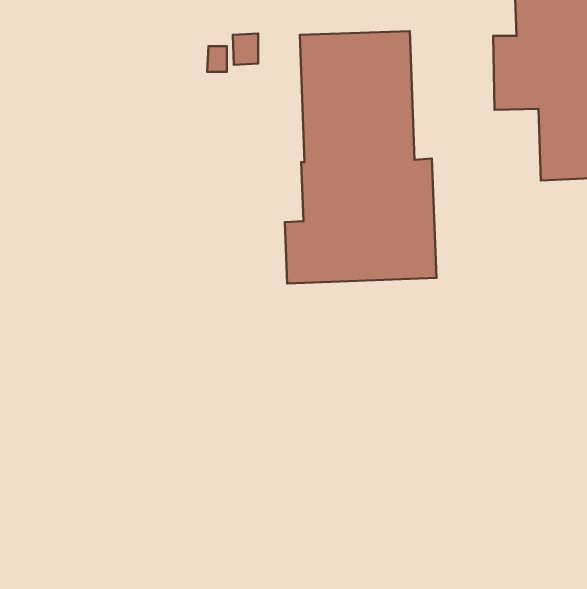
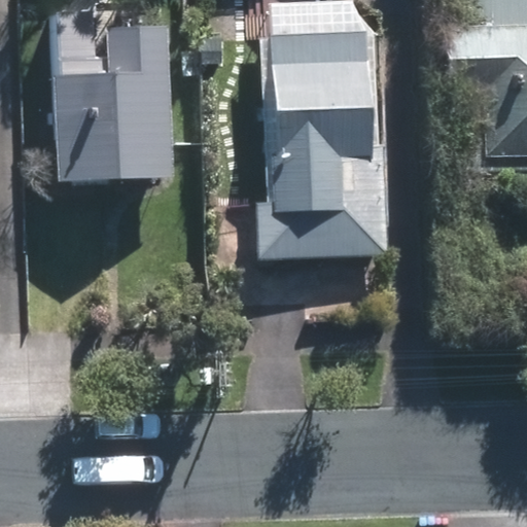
building: none -> [51,5,174,180]

